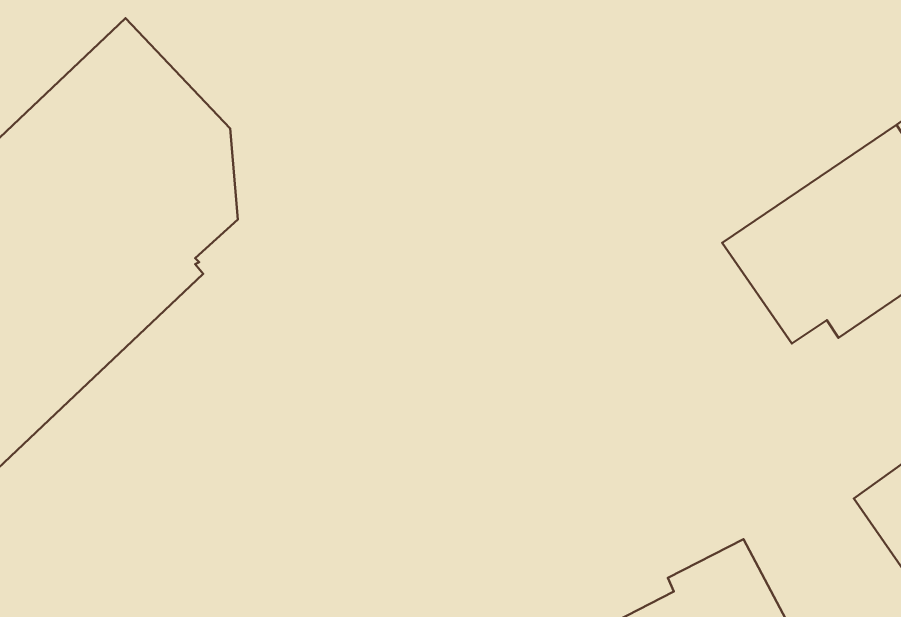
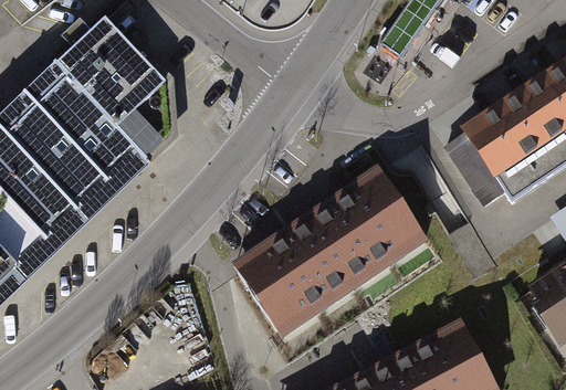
building: none -> [237,160,421,325]

